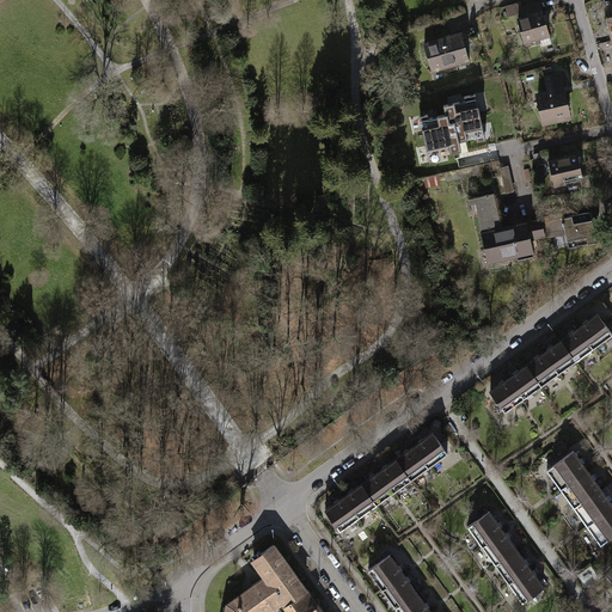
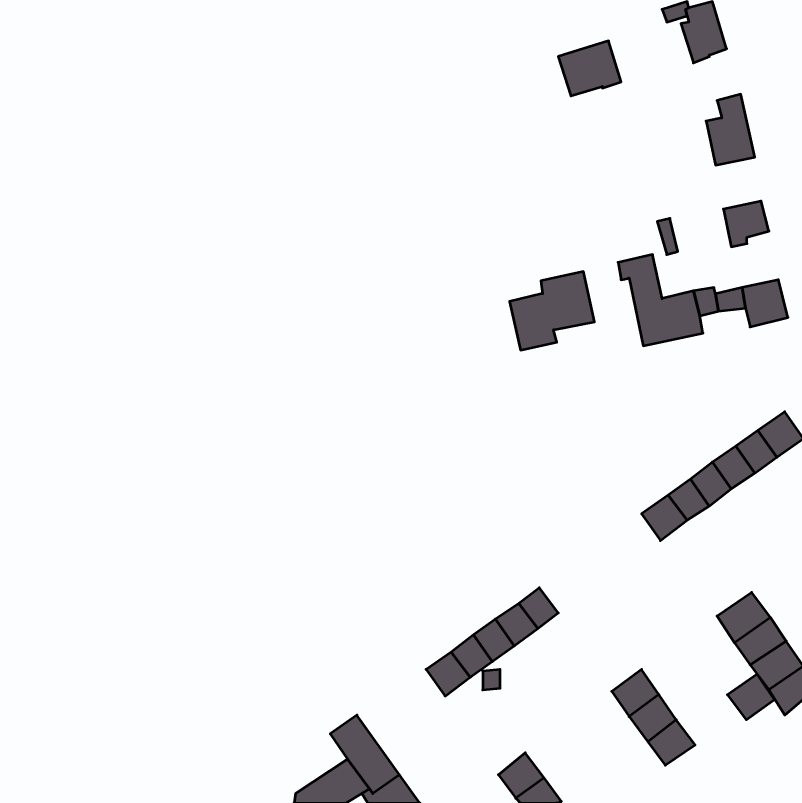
building: [422,98,486,158] -> [510,272,594,350]
building: [411,432,446,466] -> none
building: [366,555,400,589] -> none
building: [507,567,543,601] -> [727,674,775,720]

